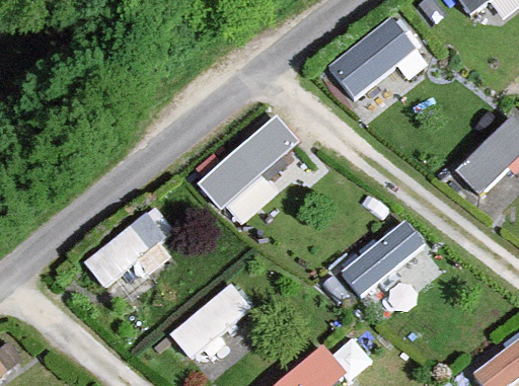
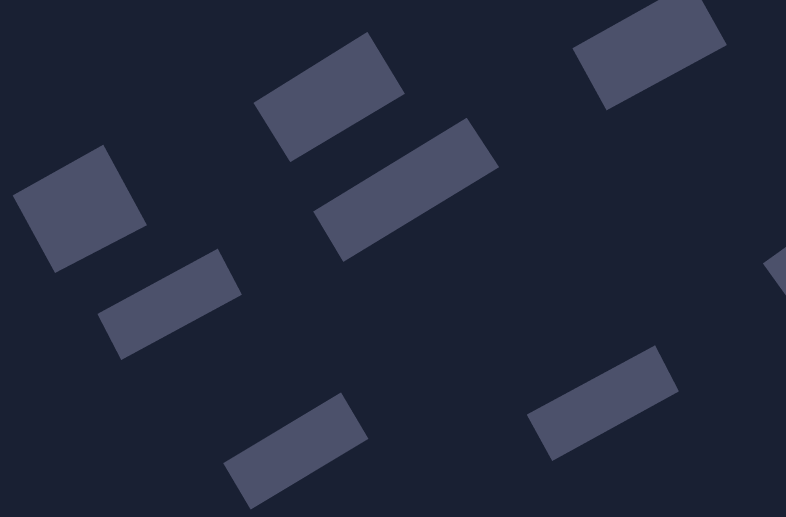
building: none -> [253,31,406,163]
building: none -> [12,144,148,274]

